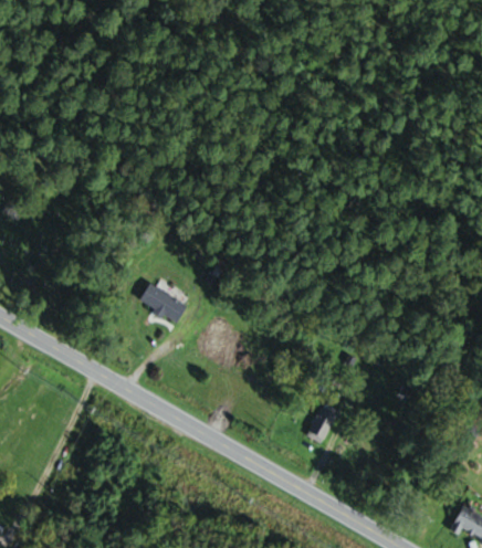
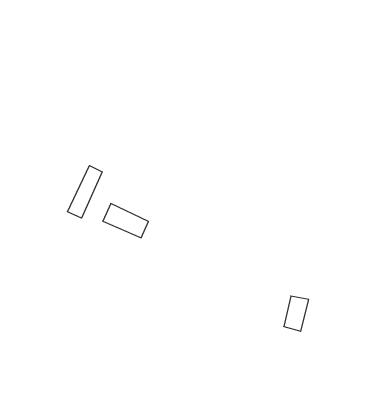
building: none -> [68,166,102,218]

